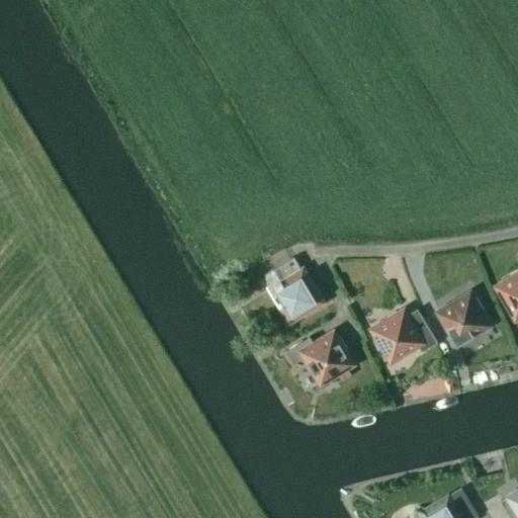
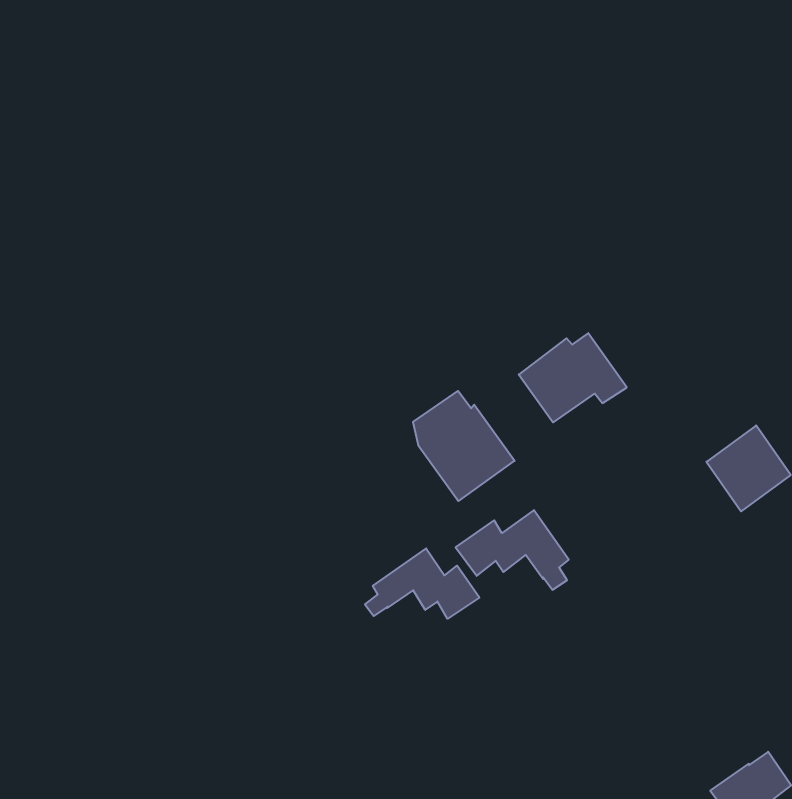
building: [373,308,437,359] -> [519,333,627,422]
building: none -> [365,548,479,619]

